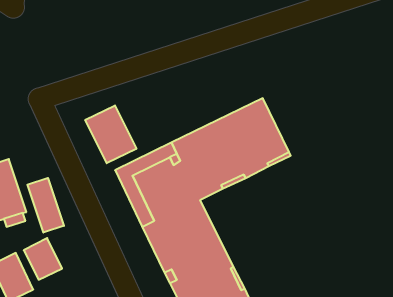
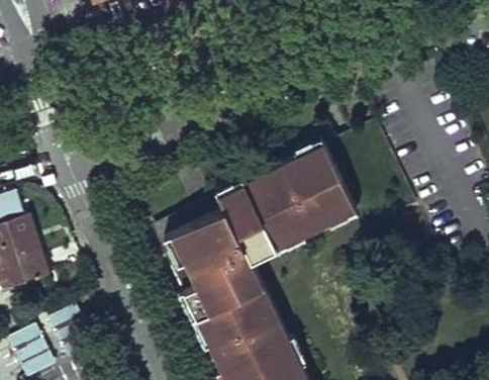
building: [85,105,136,163] -> none
building: [27,178,64,233] -> none

